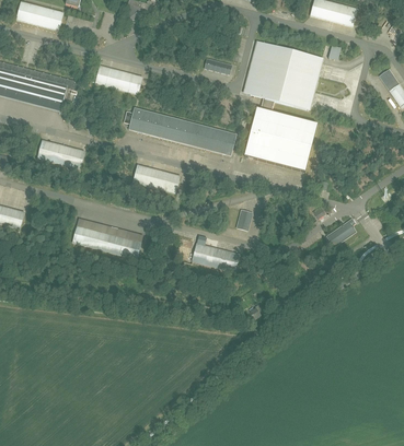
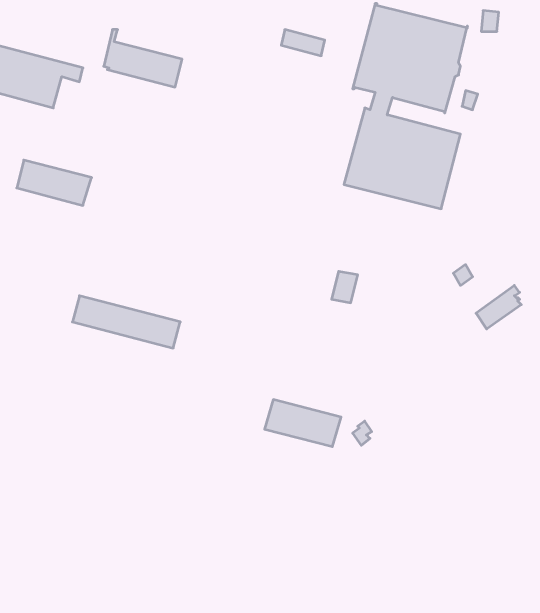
building: [123,107,235,155] -> none
building: [132,164,180,192] -> none
building: [191,243,239,272] -> [265,400,341,447]

